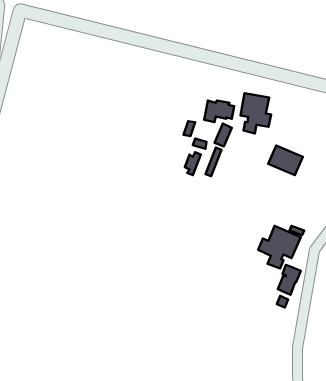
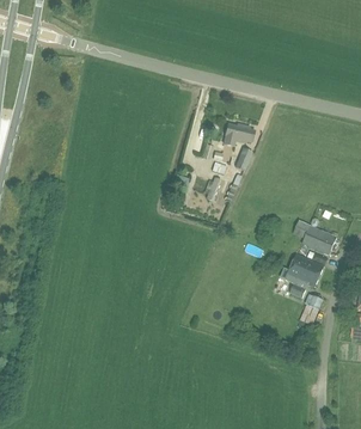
building: [241,93,271,134] -> none
building: [268,145,303,175] -> [301,223,337,255]

